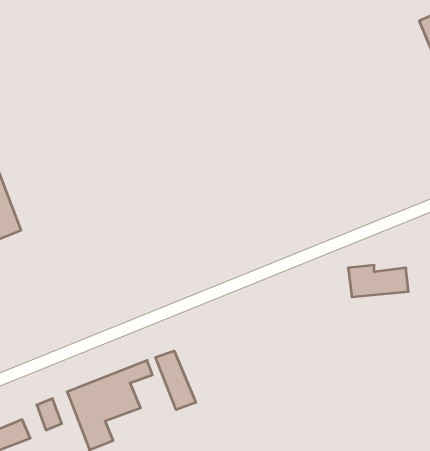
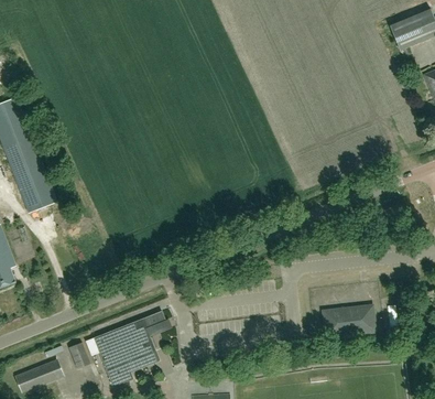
building: [348,265,408,297] -> [323,309,373,335]
building: [156,351,196,410] -> none

